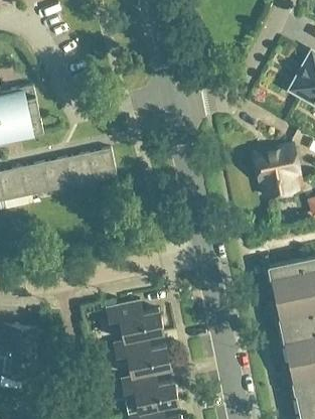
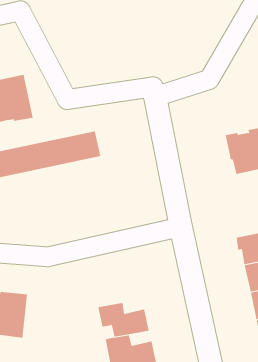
building: [106,302,163,341] -> none

